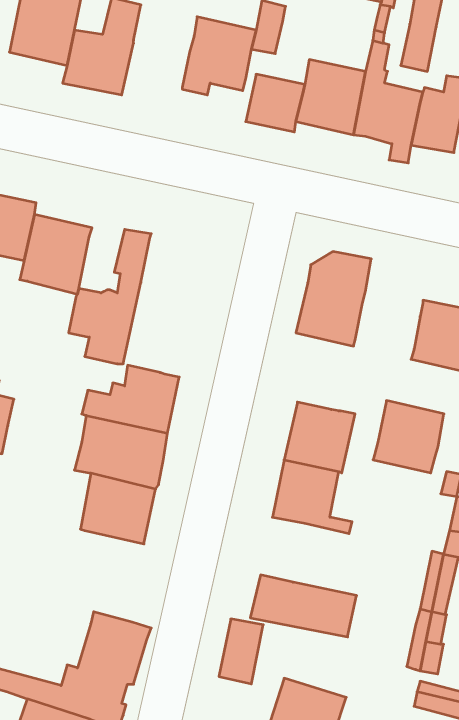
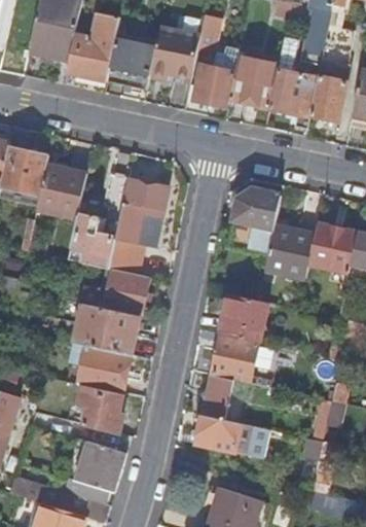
building: none -> [107,42,154,89]
building: none -> [108,180,167,275]
building: [373,401,444,473] -> [265,225,315,276]
building: none -> [77,384,123,432]
building: [219,619,263,684] -> [204,375,234,420]

